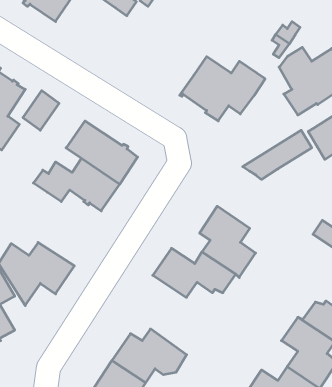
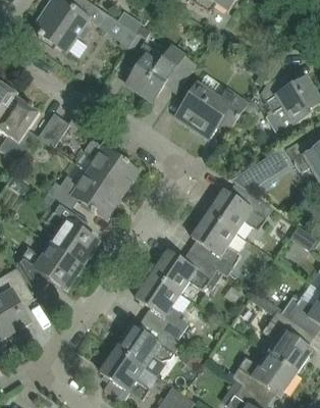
building: none -> [126,42,196,101]
building: none -> [207,186,272,233]
building: none -> [45,201,99,265]
building: none -> [136,273,188,343]

